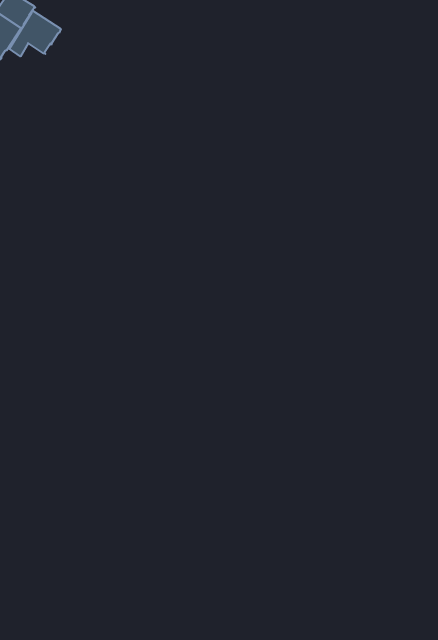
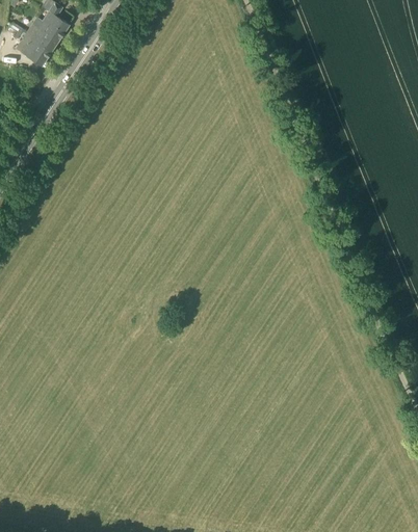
building: [10,11,61,56] -> none

